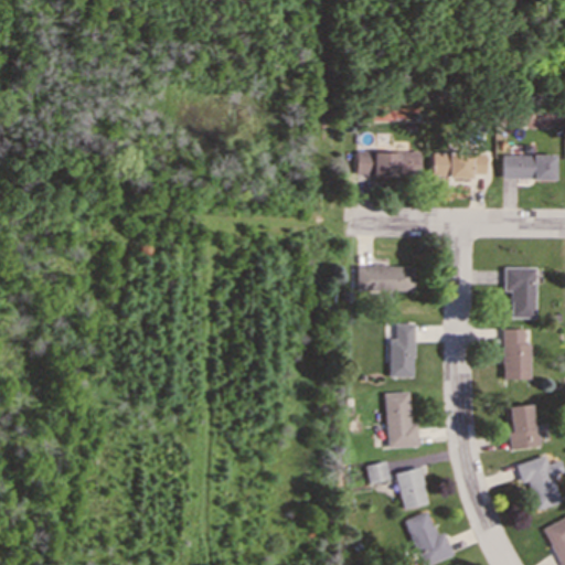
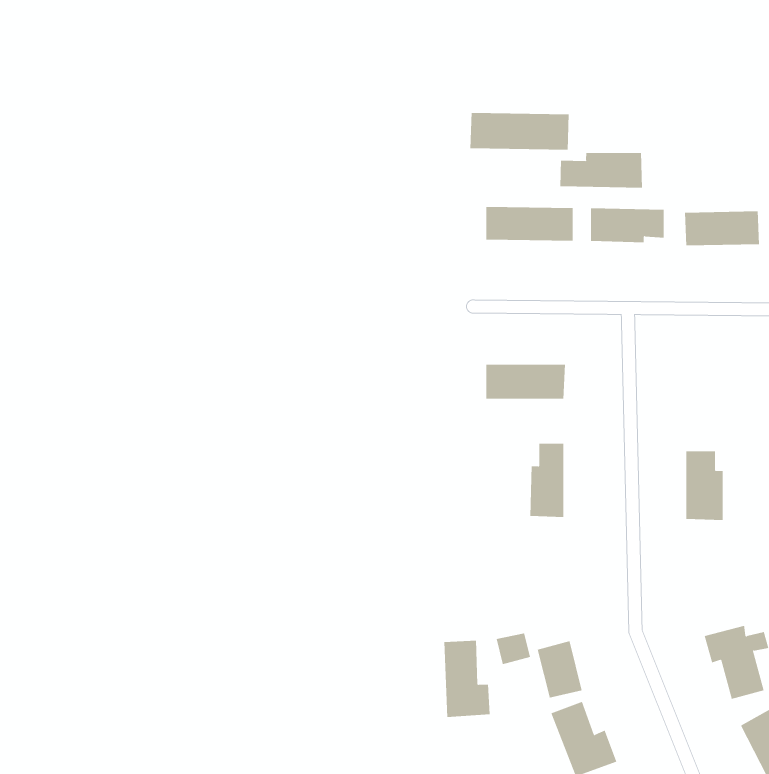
building: none -> [470,112,569,150]
building: none -> [560,152,642,188]
building: [504,267,536,318] -> none
building: [385,392,419,448] -> [443,640,490,718]
building: [508,404,541,449] -> none

